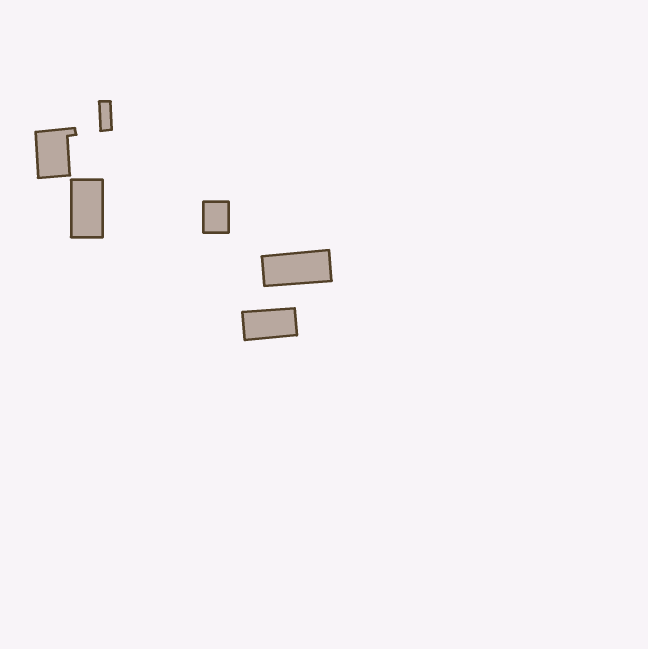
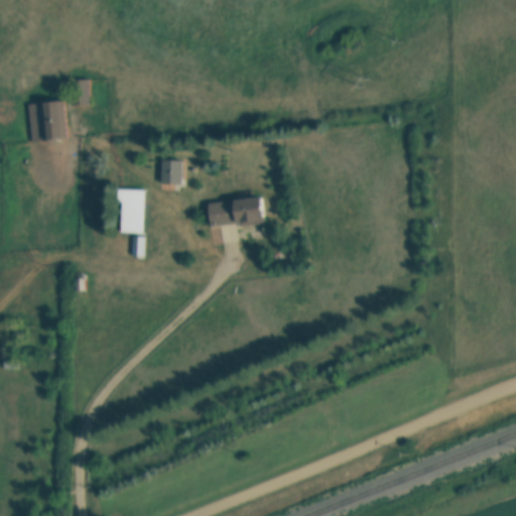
building: [71,180,103,237] -> [120,188,145,234]
building: [243,308,297,340] -> none

